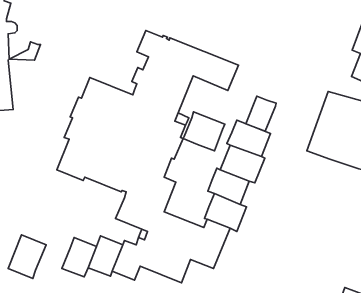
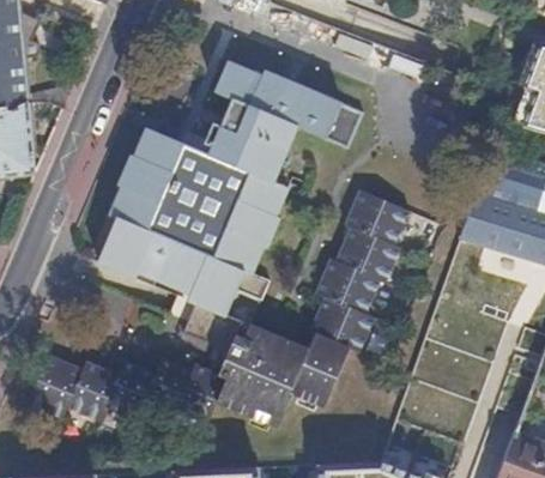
building: [246,96,276,131] -> none
building: [183,112,225,151] -> none
building: none -> [67,363,117,419]

